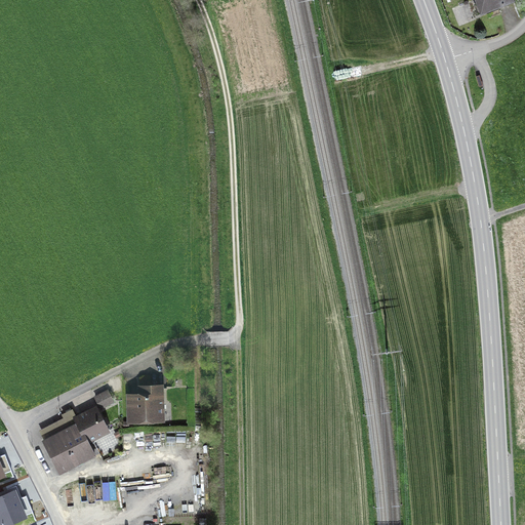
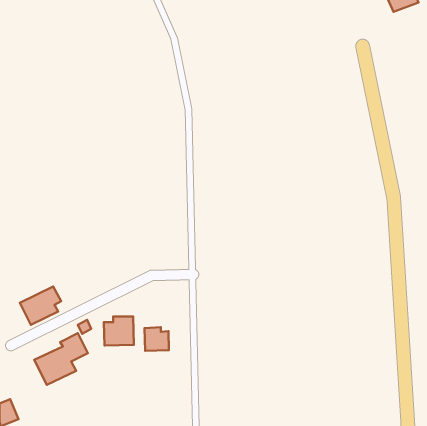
building: none -> [20,286,61,325]
building: none -> [144,327,169,351]

